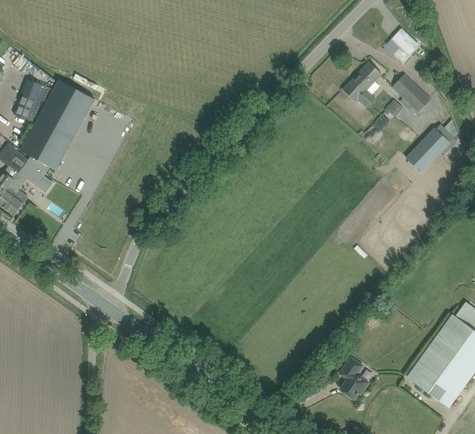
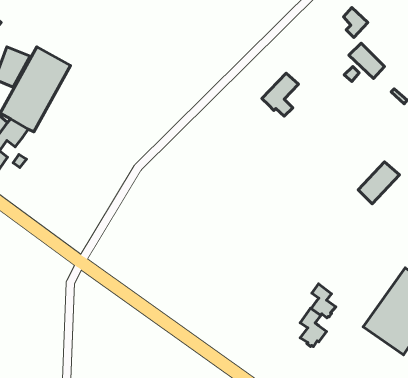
building: [343,61,382,107] -> [262,73,298,116]
building: [406,127,450,172] -> [358,162,399,204]
building: none -> [311,284,336,318]

